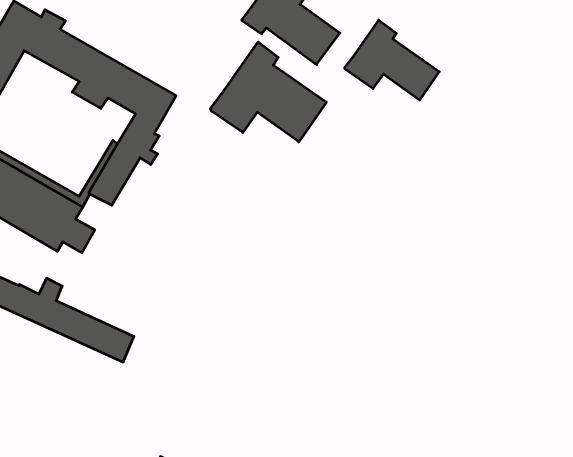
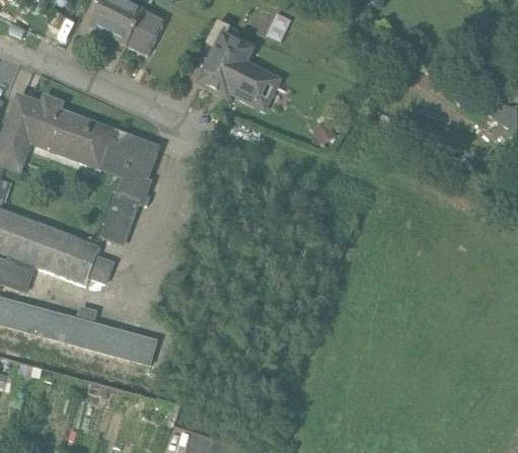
building: [345,20,439,100] -> none
building: [210,42,326,142] -> none

